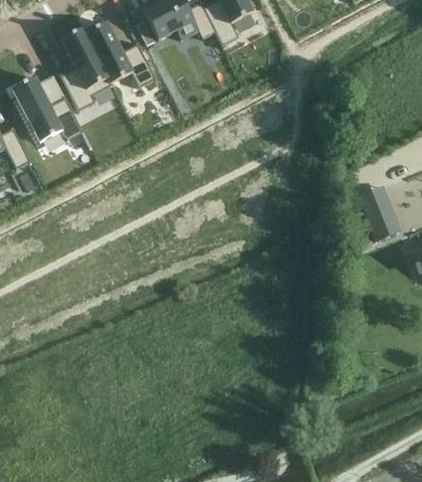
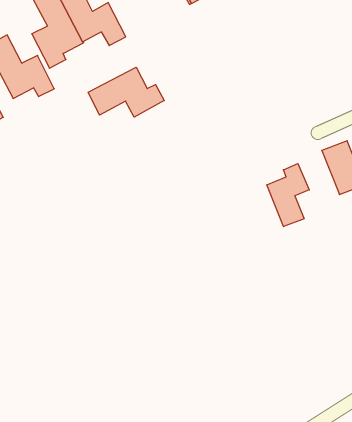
building: none -> [88,67,164,117]
building: none -> [267,164,309,227]

